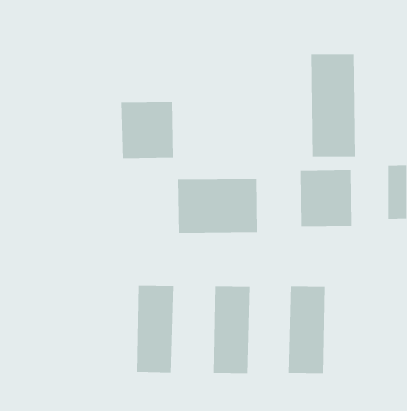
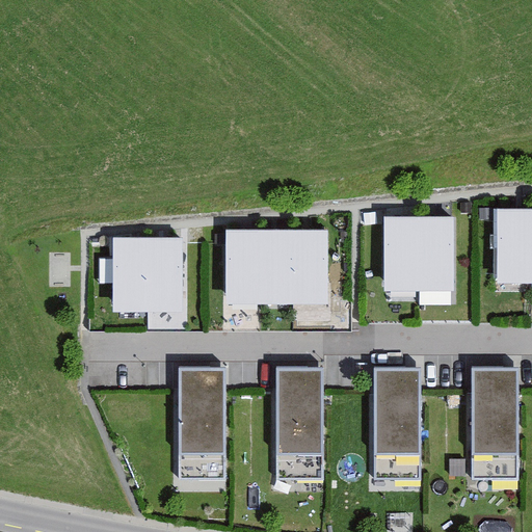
building: [311,53,356,157] -> none
building: [120,101,174,159] -> [115,236,184,310]
building: none -> [468,370,516,482]

